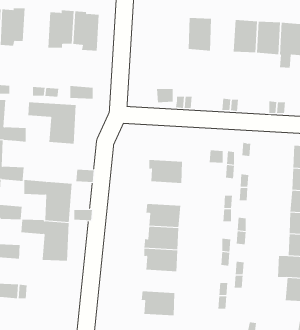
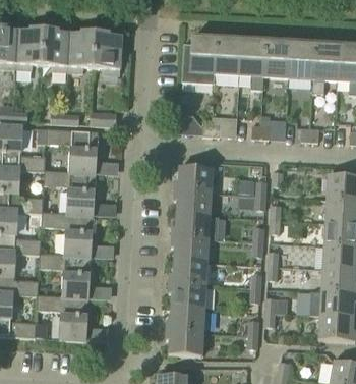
building: none -> [42,29,69,71]
building: none -> [182,37,217,84]
building: none -> [240,40,265,90]
building: none -> [174,166,213,191]
building: none -> [44,170,96,215]
building: none -> [172,213,220,239]
building: none -> [37,294,88,340]
building: none -> [167,307,204,331]

